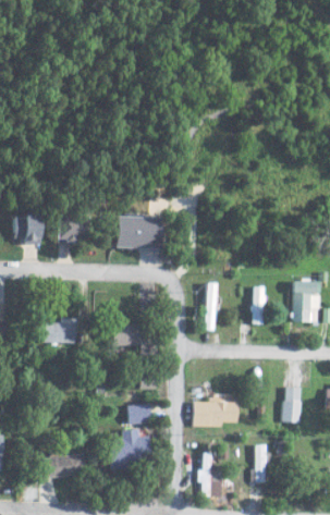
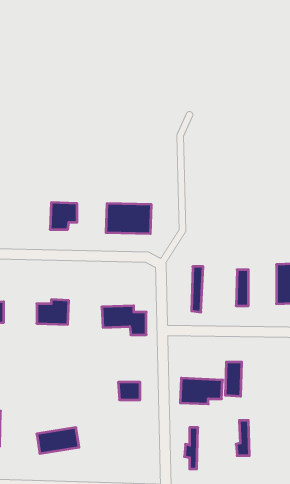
building: [12,213,40,242] -> none
building: [285,387,303,422] -> [225,362,242,396]
building: [110,428,151,467] -> none

